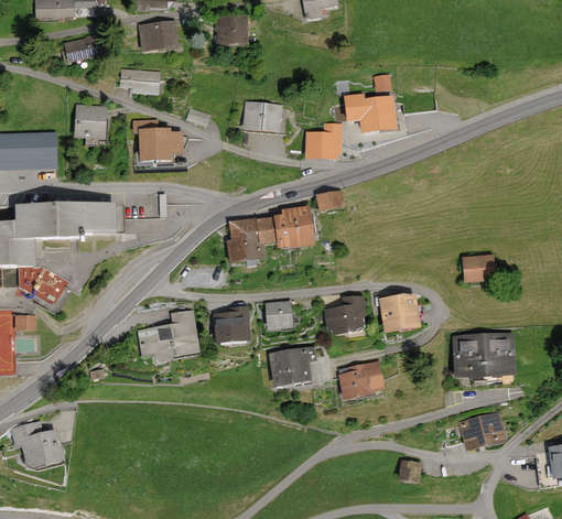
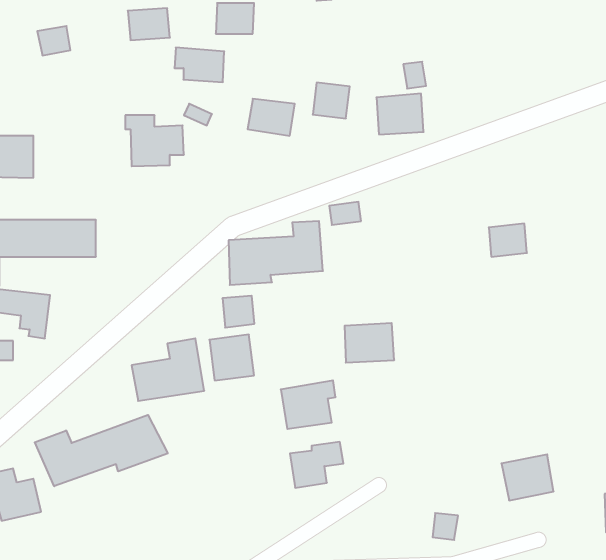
building: [119,69,162,99] -> [174,48,224,82]
building: [71,101,105,138] -> none
building: [301,131,333,162] -> [313,83,350,118]
building: [464,256,497,284] -> [489,224,527,257]
building: [380,294,420,332] -> none
building: [267,301,294,328] -> [222,296,254,328]
building: [454,334,517,380] -> none
building: [329,363,376,402] -> [290,442,343,488]
building: none -> [35,415,168,486]

